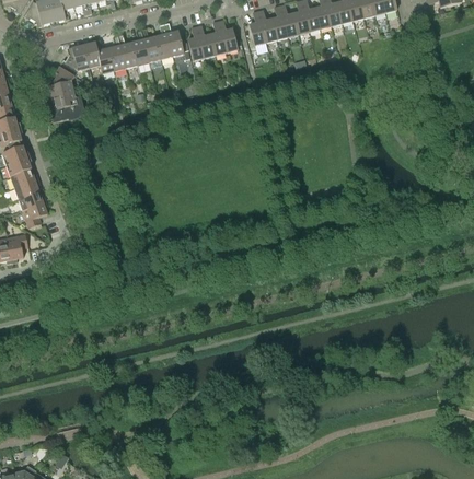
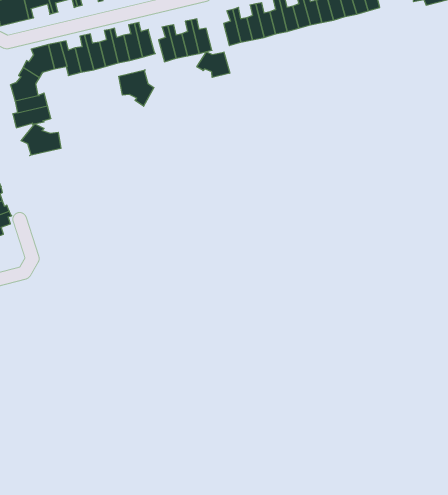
building: none -> [197,52,230,77]
building: none -> [119,70,154,106]
building: none -> [21,124,61,156]

